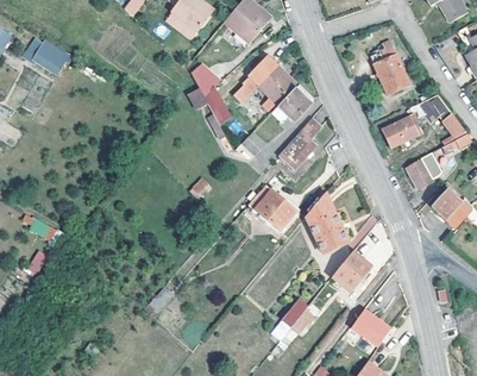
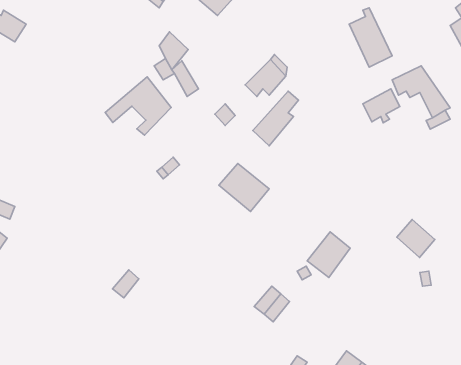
building: [232,54,294,108] -> [105,77,171,135]
building: [407,150,443,188] -> none
building: [432,188,467,224] -> [397,219,435,257]
building: [305,192,347,252] -> none
building: [351,311,390,347] -> none

